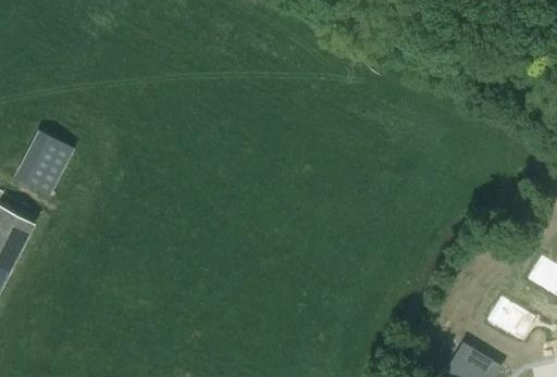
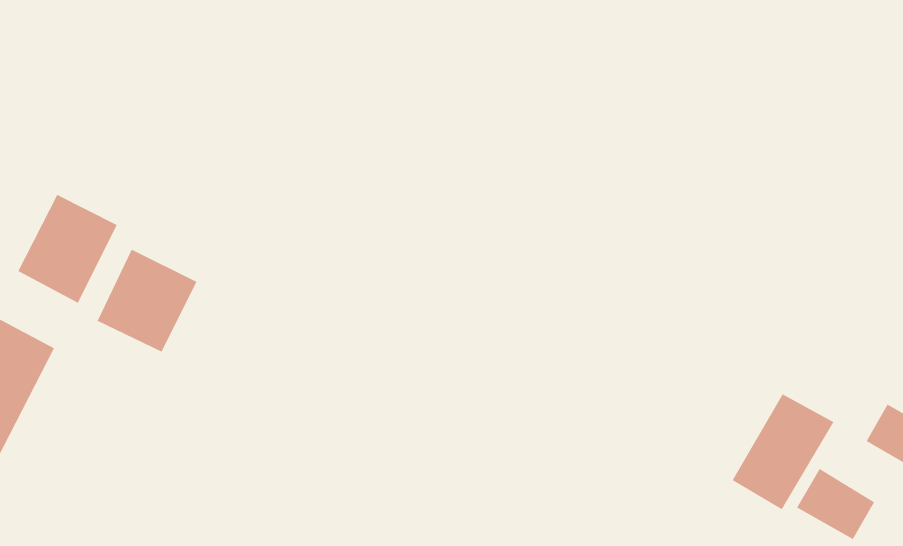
building: none -> [97,249,197,352]
building: none -> [732,393,834,510]

